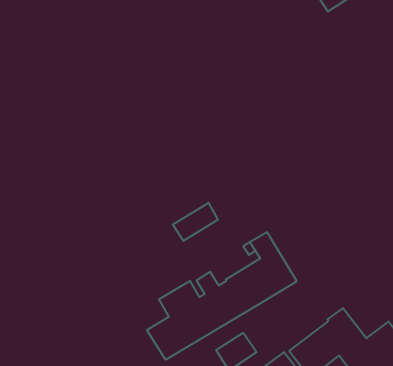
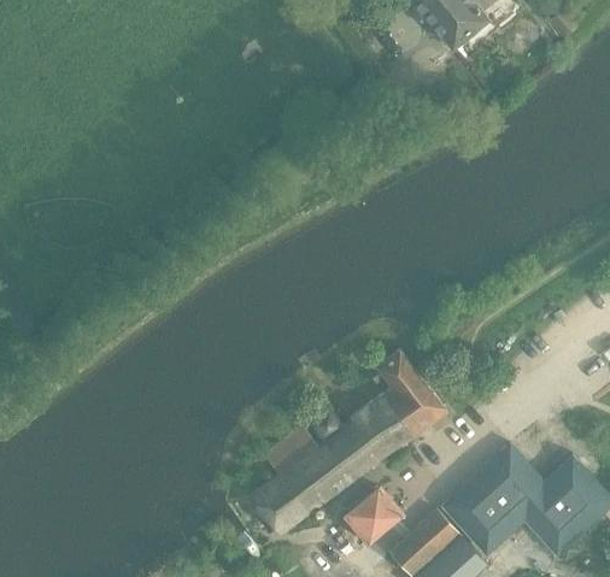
building: [173,203,218,241] -> none

